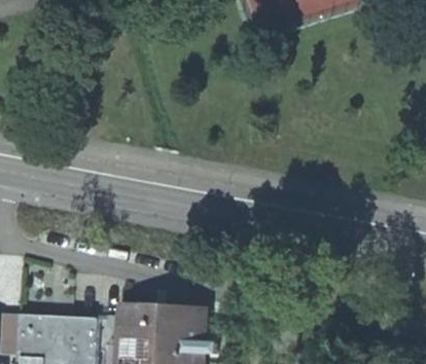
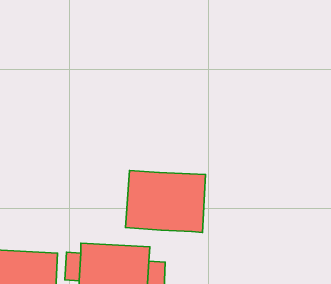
building: none -> [126,171,206,232]

